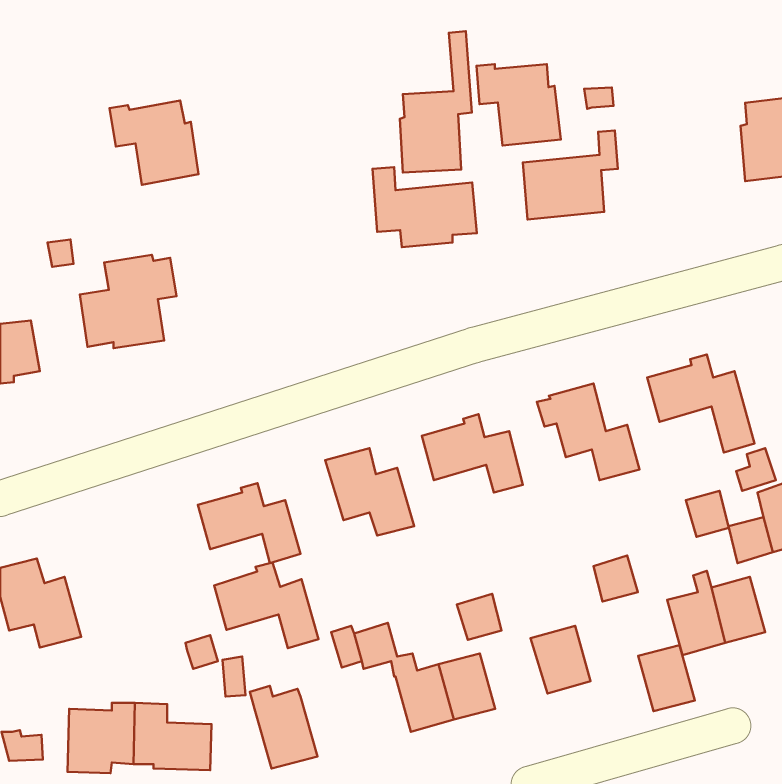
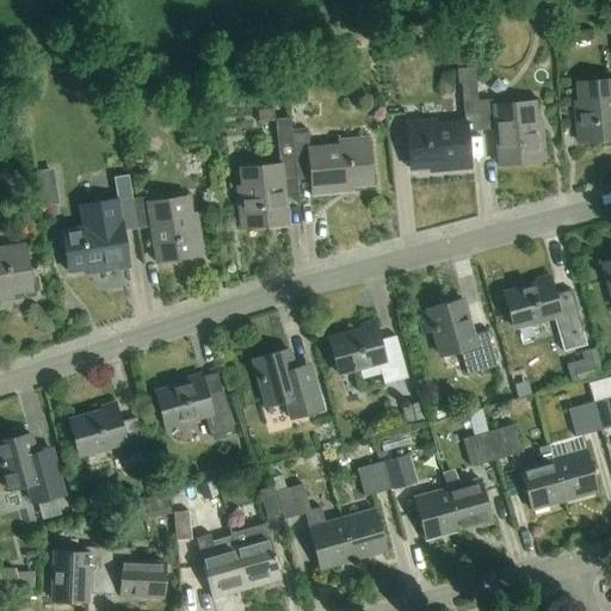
building: [400,31,472,172] -> [239,117,295,227]
building: [476,64,561,146] -> [480,100,545,163]
building: [110,100,199,185] -> [134,195,203,260]
building: [686,491,729,537] -> [489,425,523,461]
building: [214,562,318,648] -> [69,403,150,470]
building: none -> [384,455,416,490]
building: [638,645,695,711] -> [449,479,493,530]
building: none -> [235,532,282,588]

